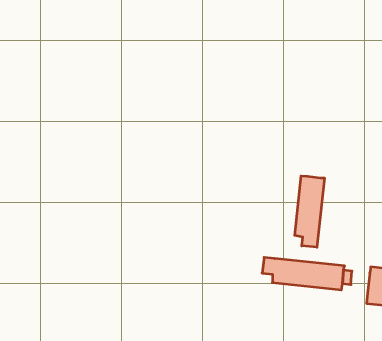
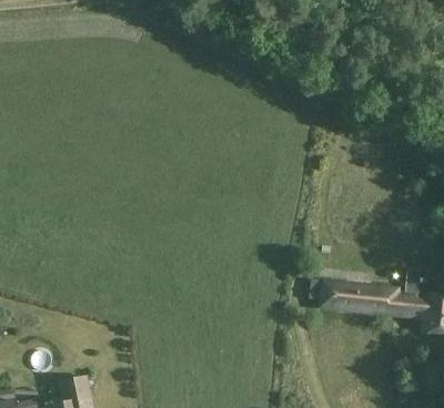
building: [295,176,324,247] -> none

